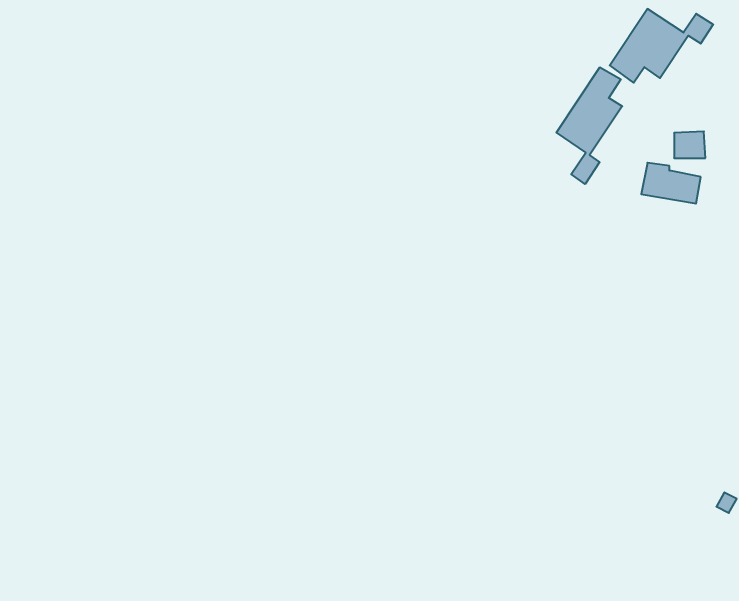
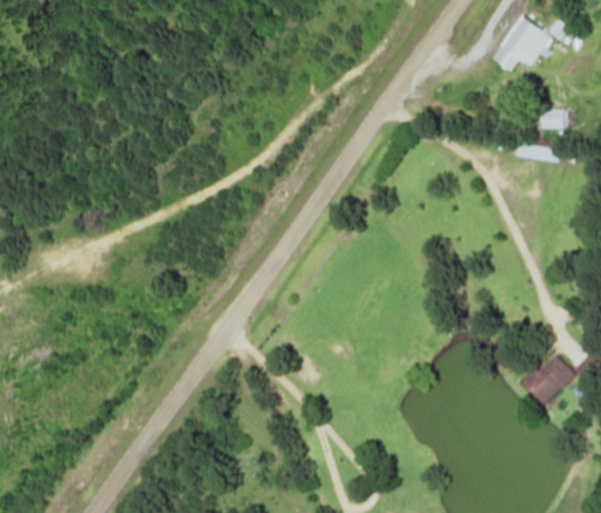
building: [556,67,622,184] -> none
building: none -> [522,353,576,407]

